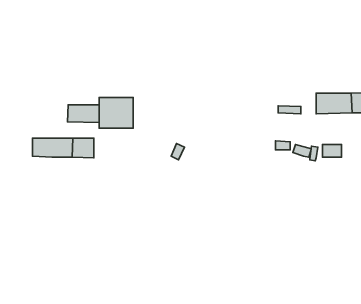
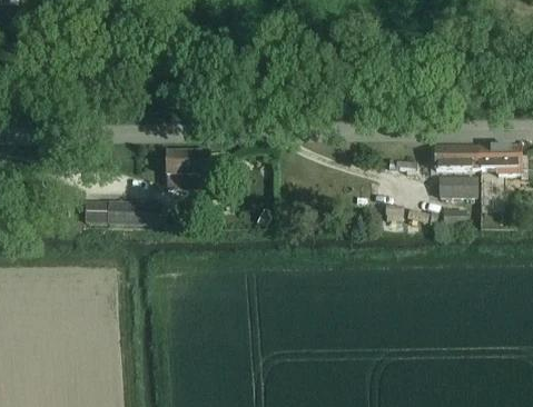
building: [67,105,99,123] -> none
building: none -> [438,176,477,198]

